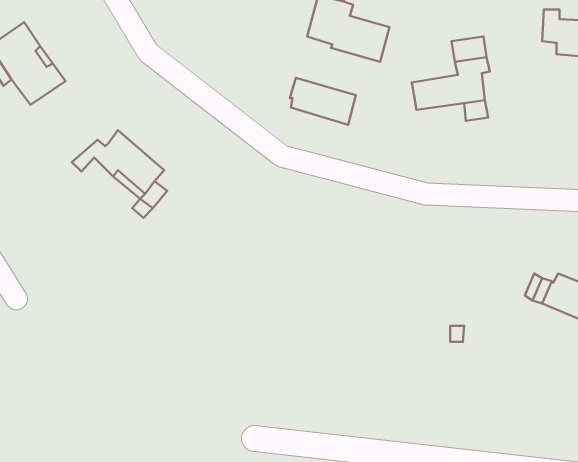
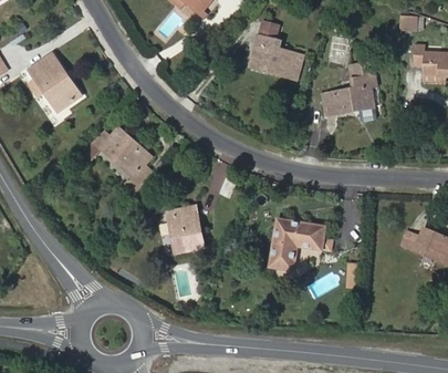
building: [290,78,356,125] -> none
building: none -> [167,206,202,252]
building: none -> [270,219,332,269]

